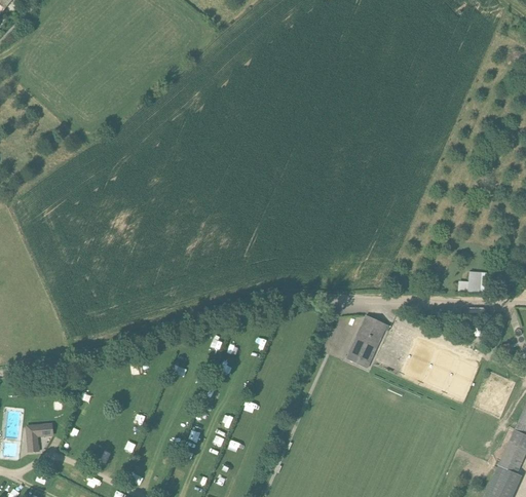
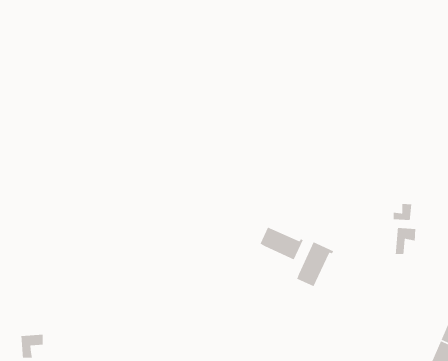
building: none -> [260,227,304,261]
building: none -> [395,227,416,255]

